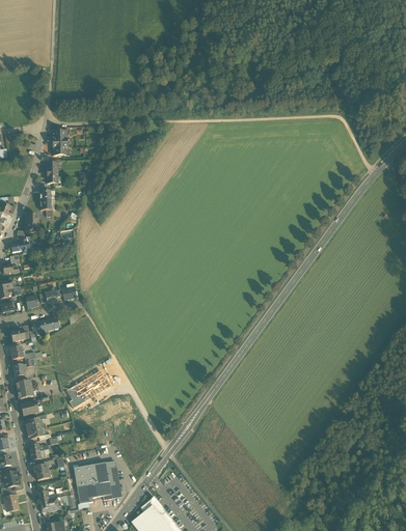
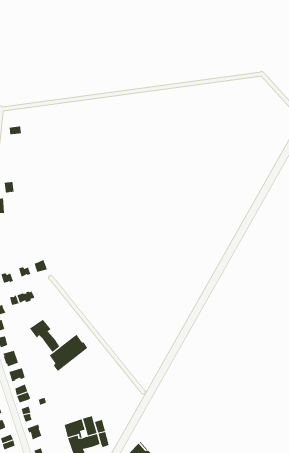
building: none -> [29,319,60,353]

